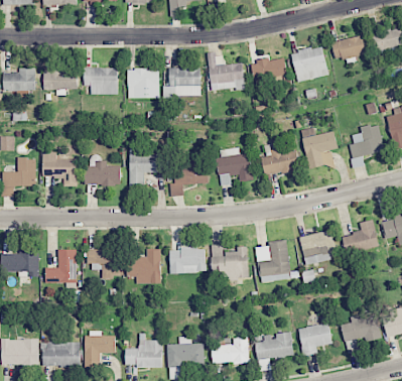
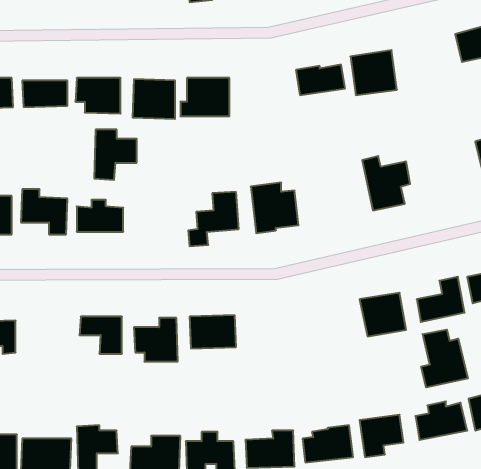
building: [332,36,366,59] -> none
building: [208,53,245,91] -> none
building: [349,123,385,157] -> none
building: [129,147,161,185] -> [94,130,137,180]
building: [261,147,300,175] -> none
building: [257,243,290,281] -> none
building: [212,245,249,280] -> none
building: [46,249,77,282] -> none
building: none -> [421,330,468,387]

